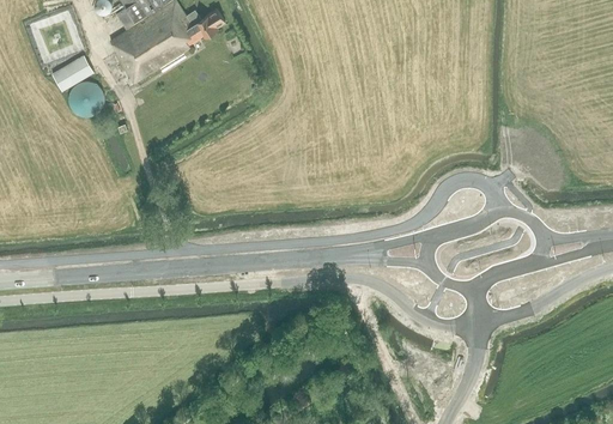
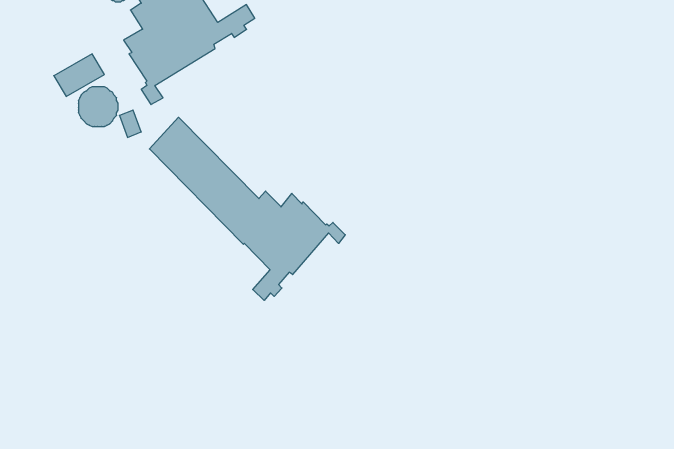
building: none -> [149,117,345,300]

